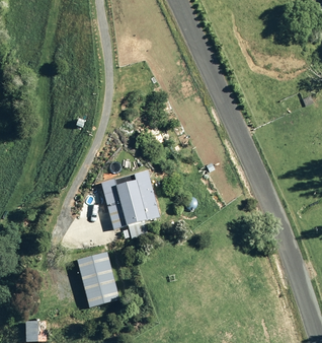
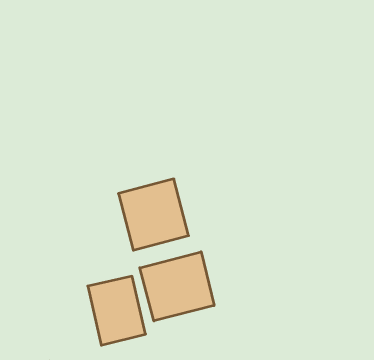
building: none -> [140,252,214,321]

